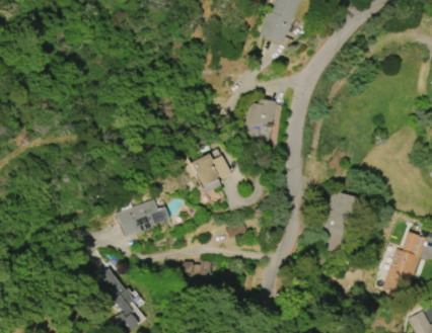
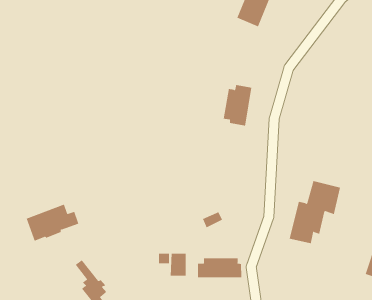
building: [178,153,230,192] -> none
building: [117,199,168,236] -> [26,204,79,241]
building: none -> [197,257,242,278]

